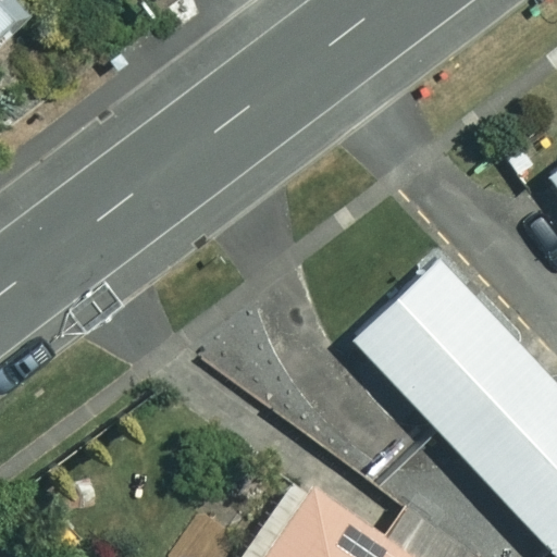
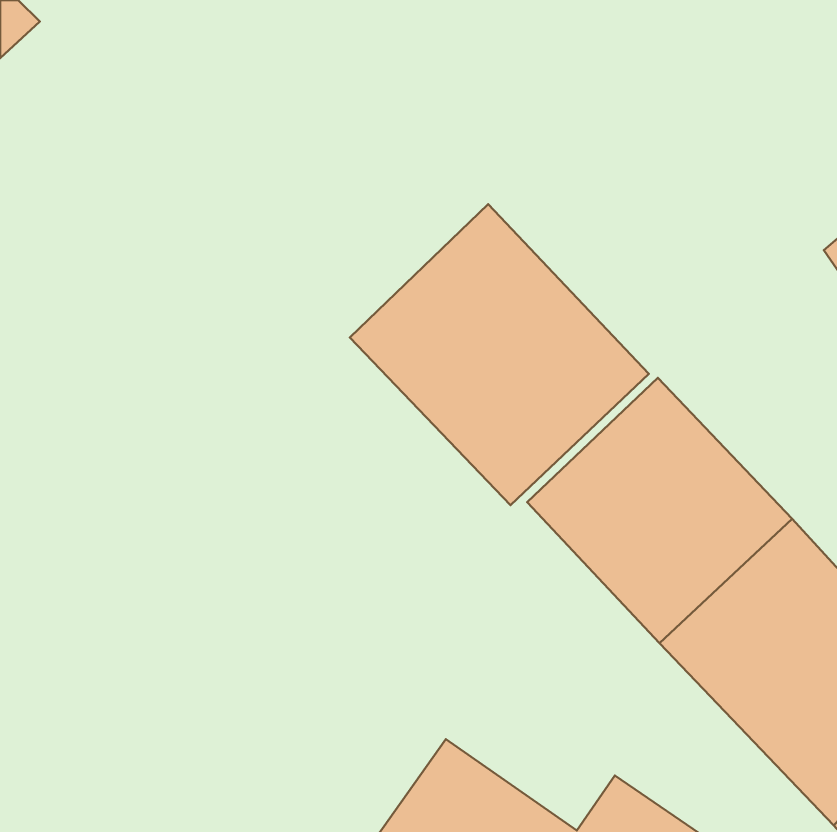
building: none -> [350,204,649,505]

